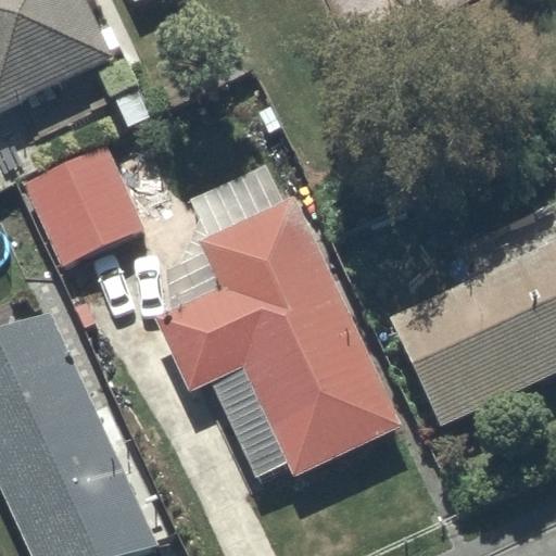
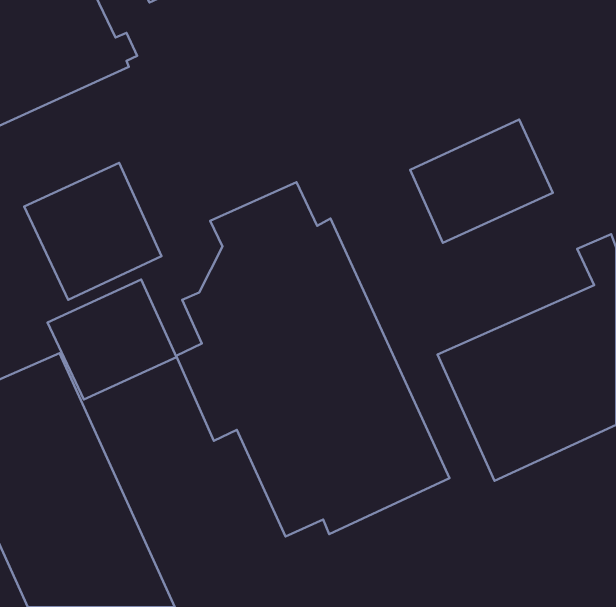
building: none -> [410,119,553,243]
building: none -> [48,279,176,399]

